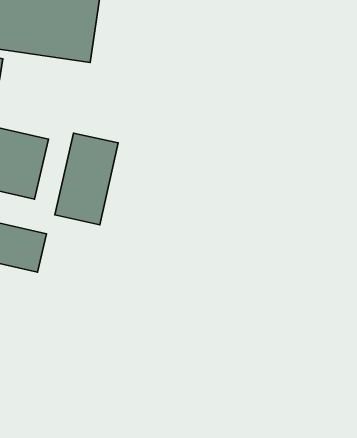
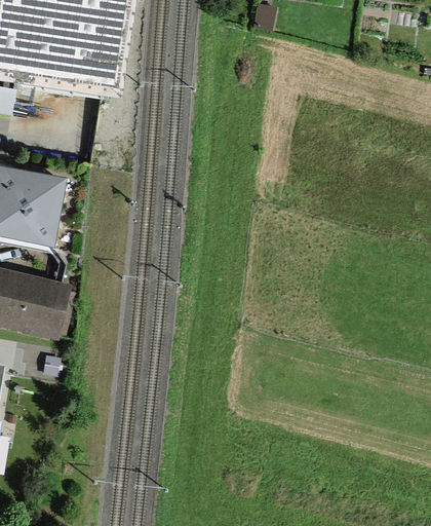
building: [55,133,118,225] -> none

